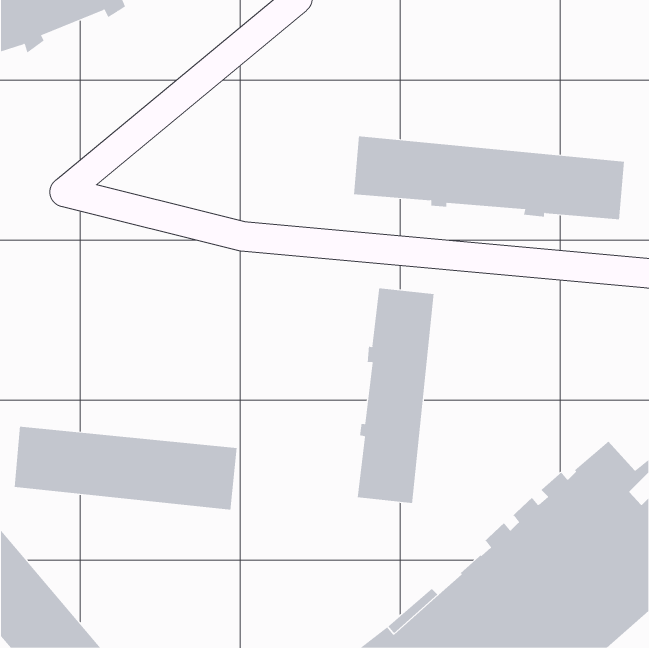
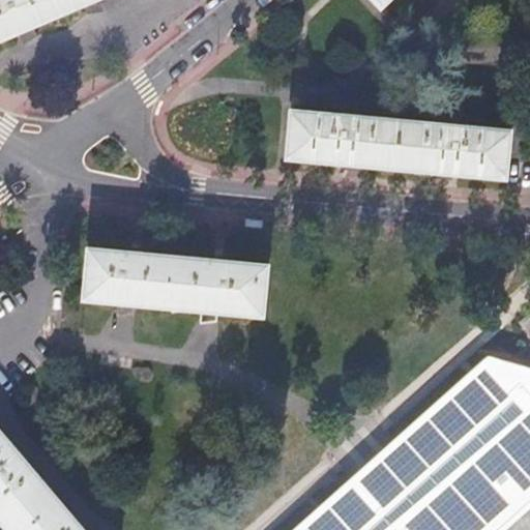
building: [357,287,434,504] -> none
building: [14,426,237,510] -> [86,249,268,318]

